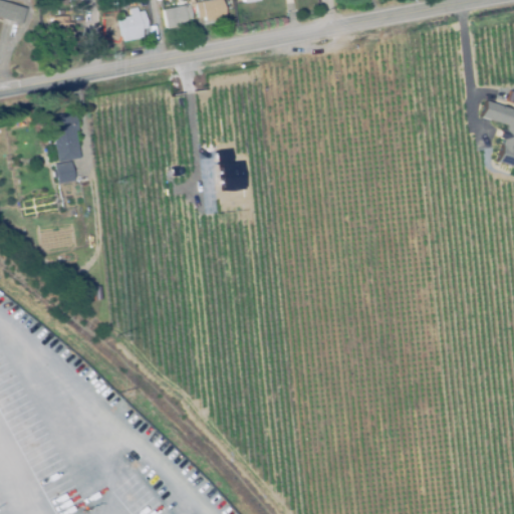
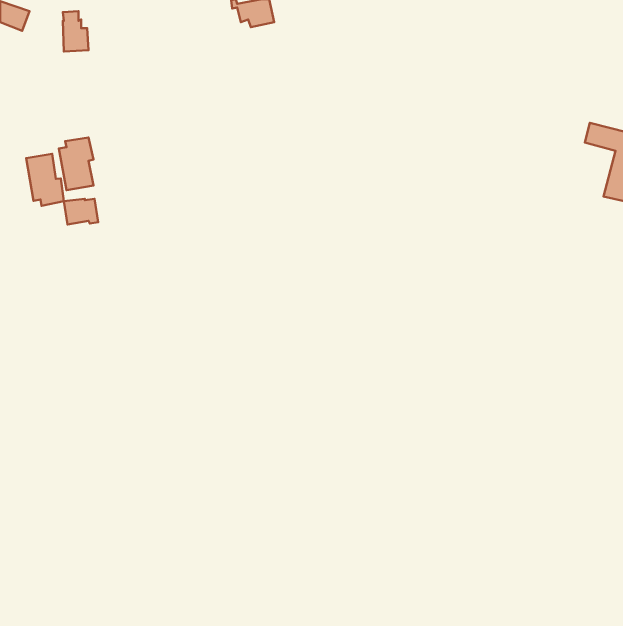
building: [165,4,195,30] -> none
building: [121,5,151,39] -> none
building: none -> [26,154,64,206]

